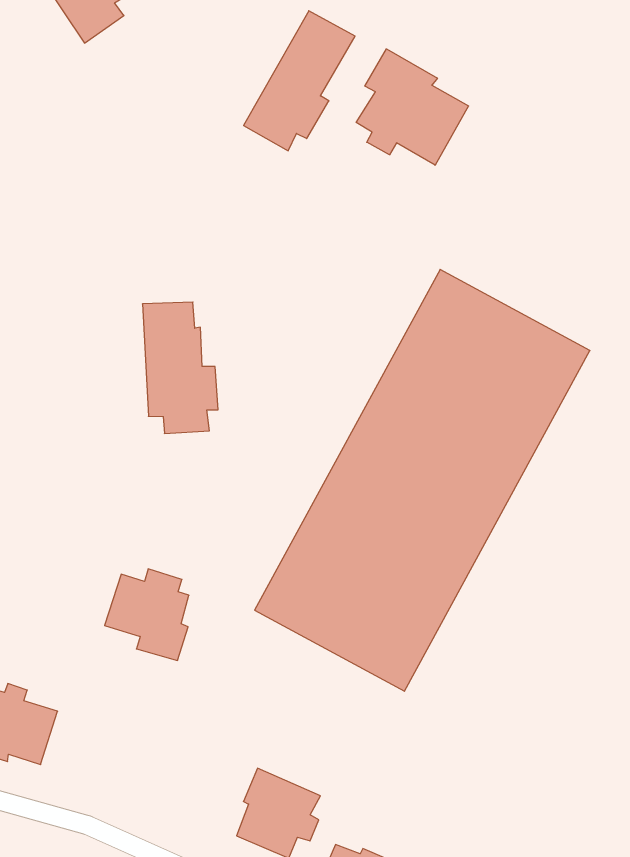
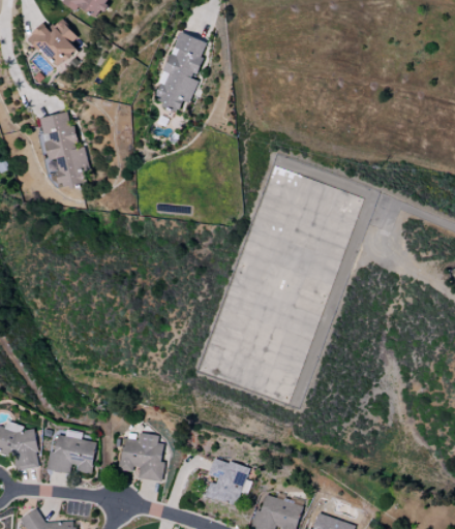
building: [356,49,469,165] -> none
building: [142,302,218,433] -> [38,113,89,188]
building: [105,569,189,660] -> [118,433,164,481]

